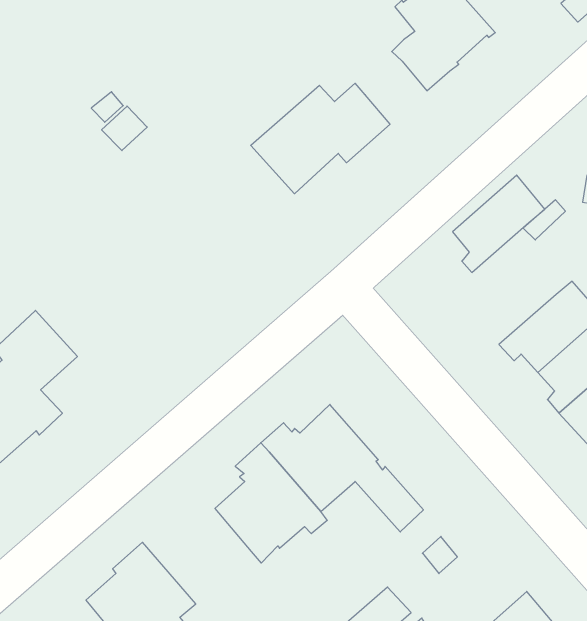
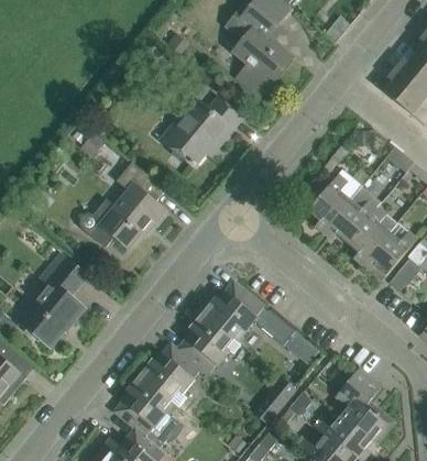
building: none -> [81,162,166,248]
building: [453,175,545,272] -> [308,173,358,231]
building: none -> [141,342,202,406]

